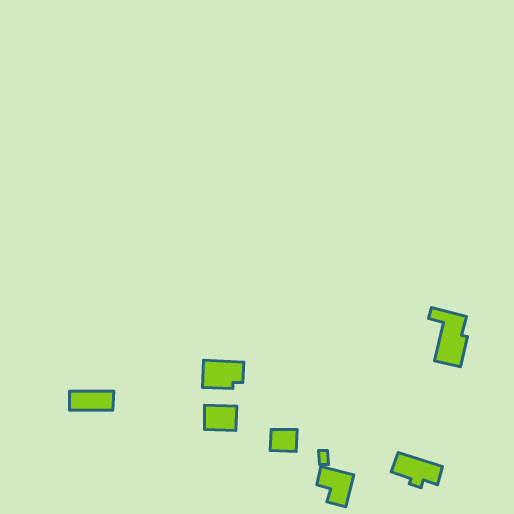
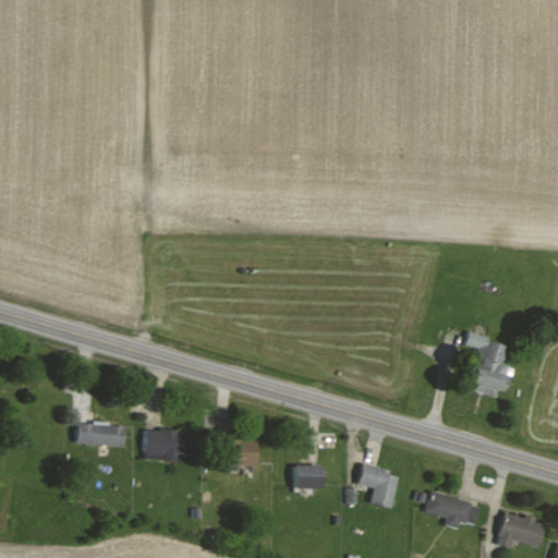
building: [203,360,244,388] -> [144,429,189,460]
building: [317,467,354,507] -> [359,464,399,508]
building: none -> [497,512,545,551]

